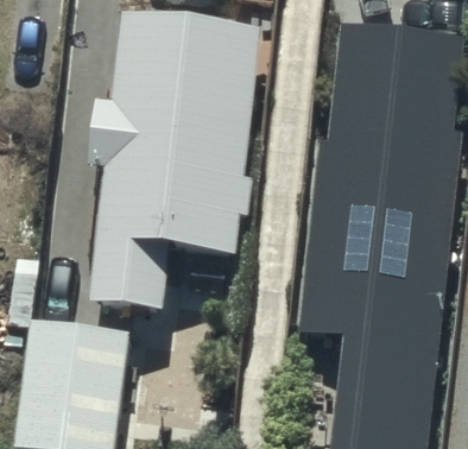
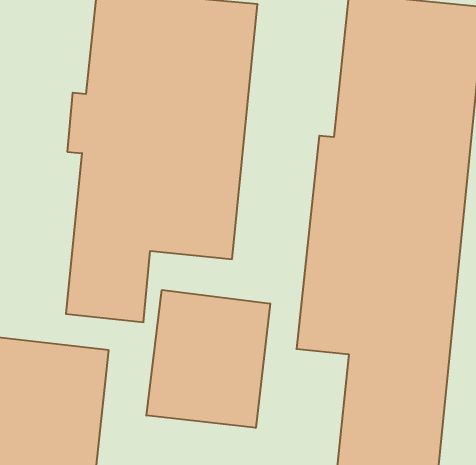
building: none -> [146,290,270,428]

